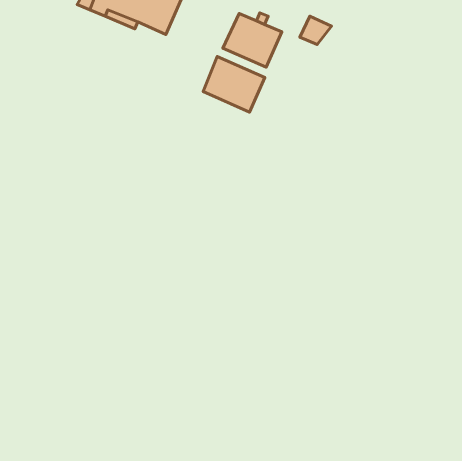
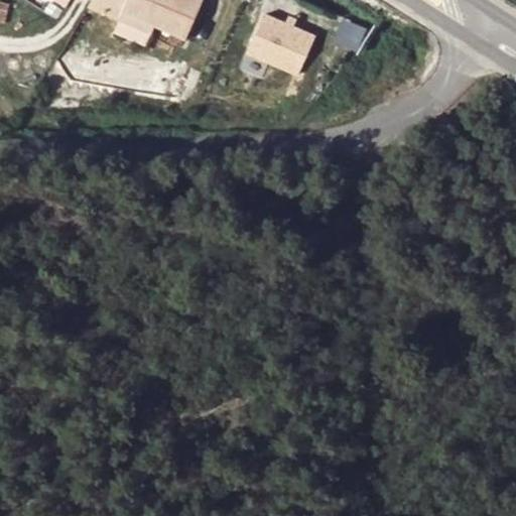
building: [203,57,265,112] -> none

